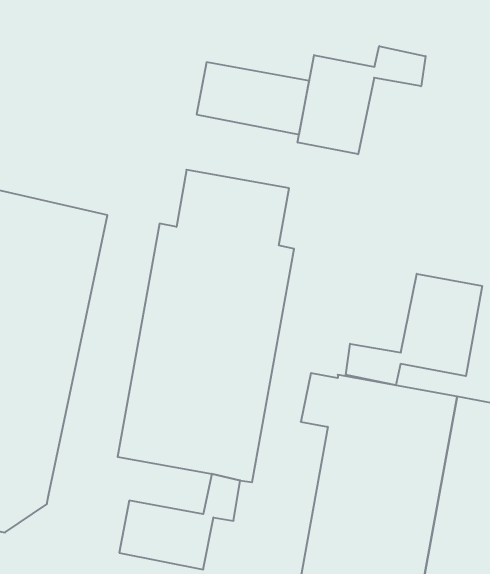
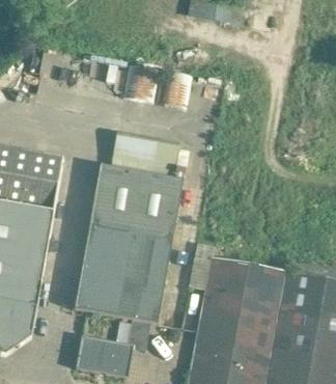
building: [298,46,426,154] -> none
building: [346,274,482,385] -> none

